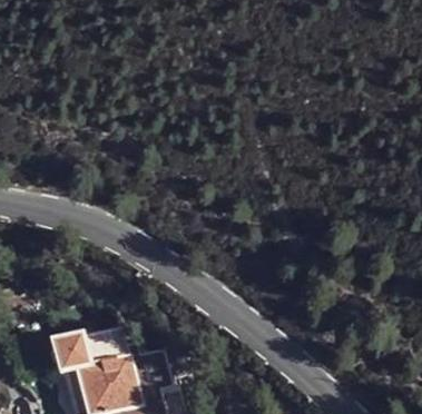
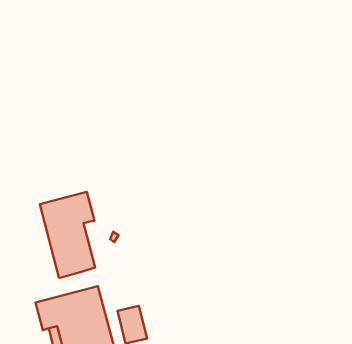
building: none -> [40,192,95,278]

